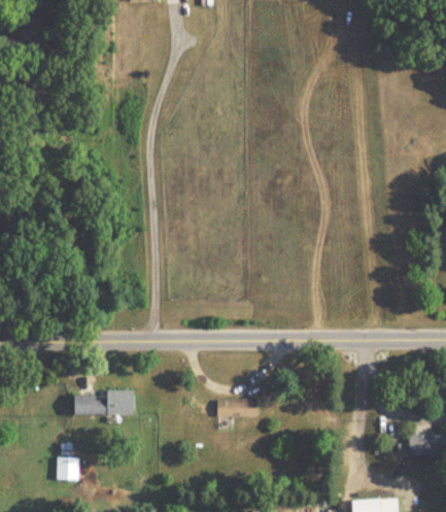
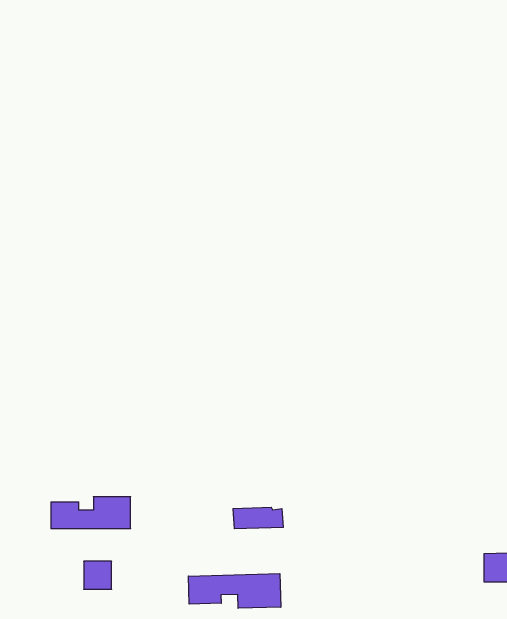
building: none -> [188,574,281,608]
building: [58,458,79,480] -> [84,561,112,589]

